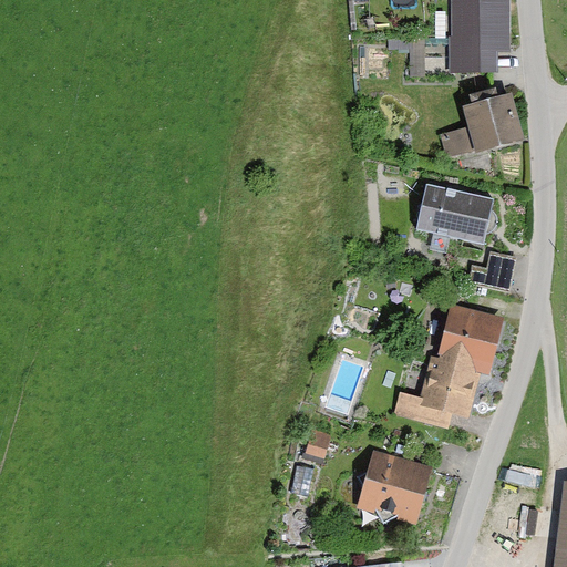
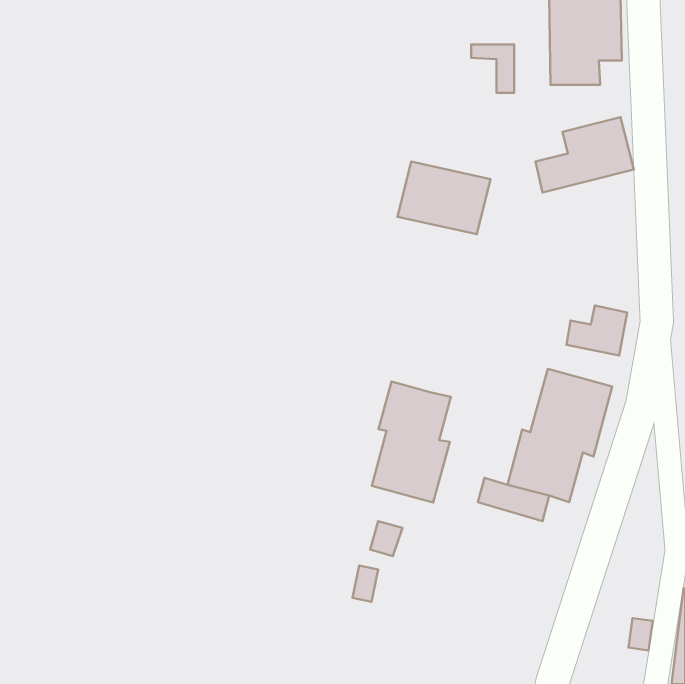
building: [415,185,492,245] -> [398,162,490,234]
building: none -> [372,381,451,503]
building: [357,447,433,525] -> none

